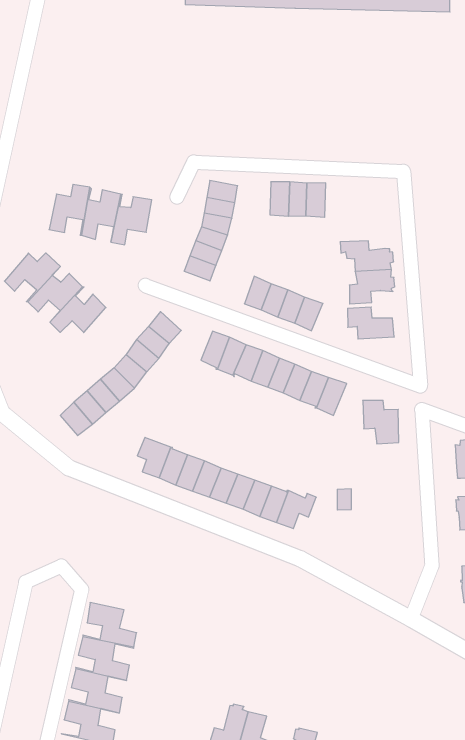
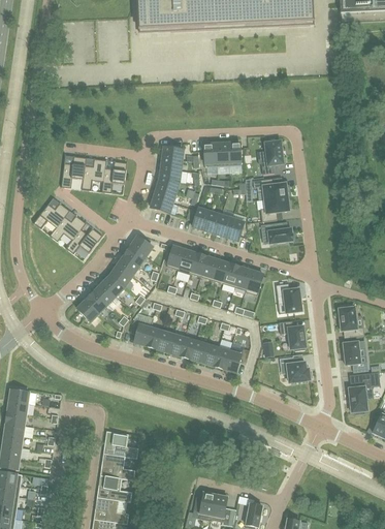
building: none -> [260,139,283,174]
building: none -> [279,320,306,349]
building: none -> [279,355,311,381]

